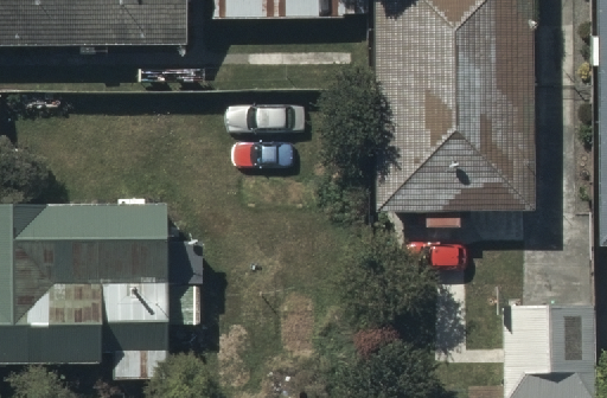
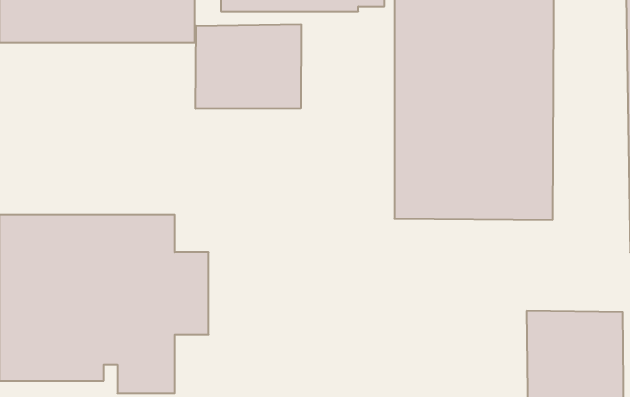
building: none -> [196,24,301,109]

